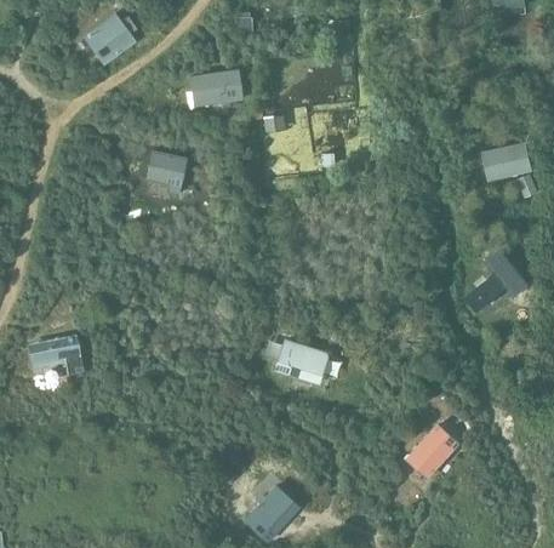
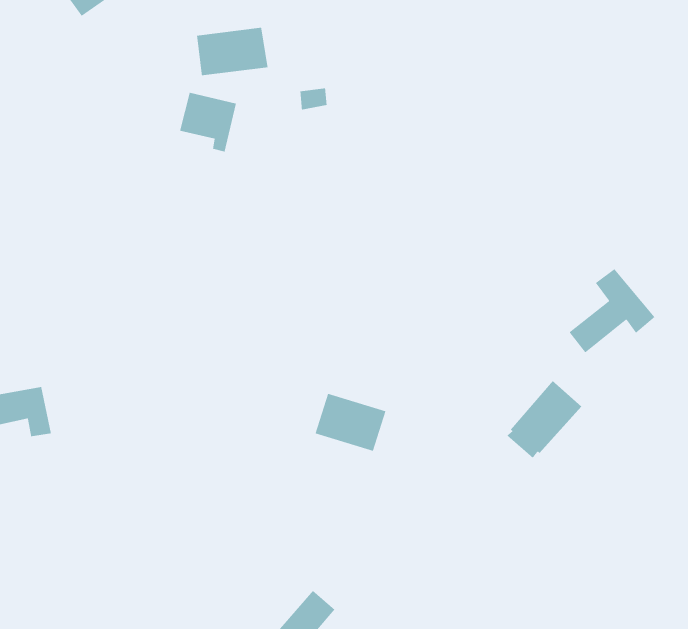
building: [482,142,533,182] -> none
building: [144,149,187,194] -> [179,92,237,152]
building: [405,423,461,481] -> [507,380,582,459]

